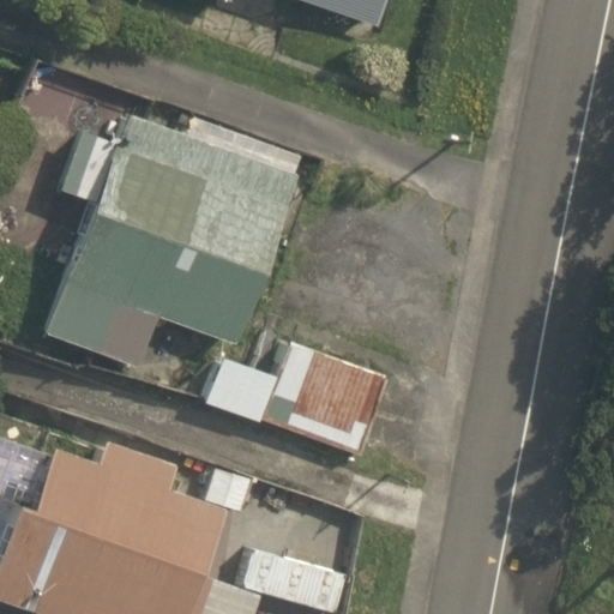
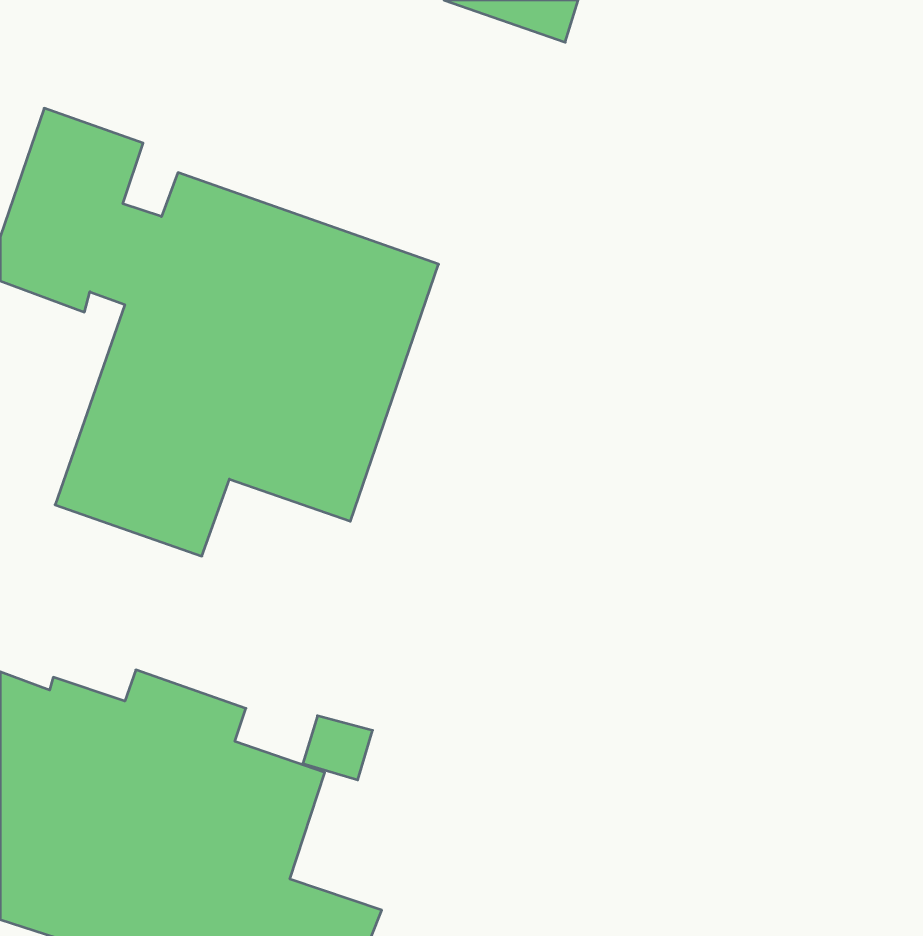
building: [201,344,389,457] -> none

